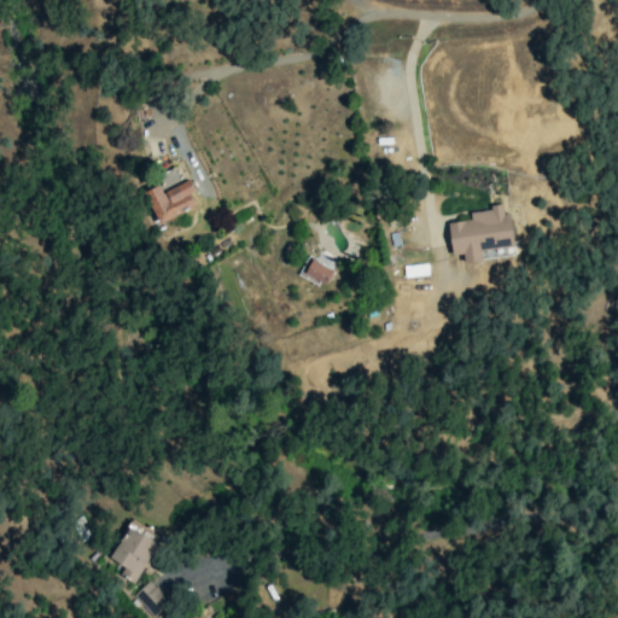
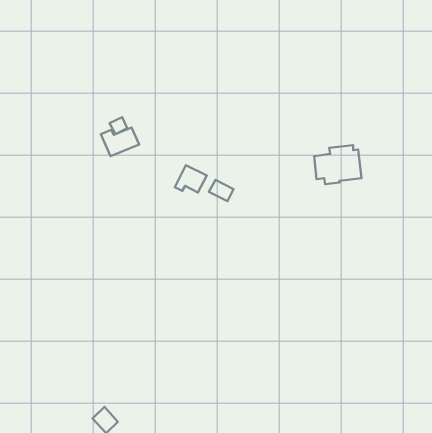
building: none -> [175,165,207,193]
building: [111,525,159,581] -> none

